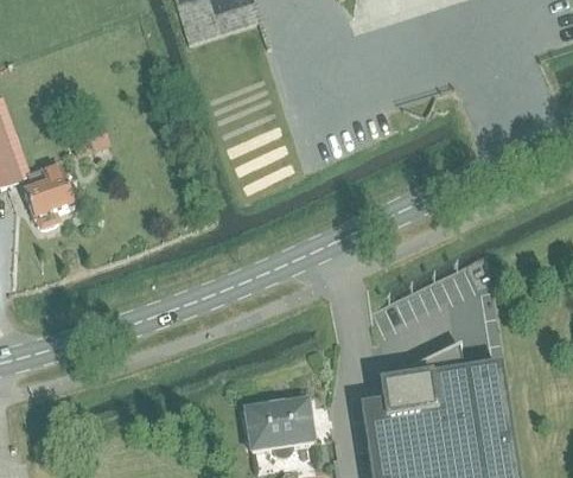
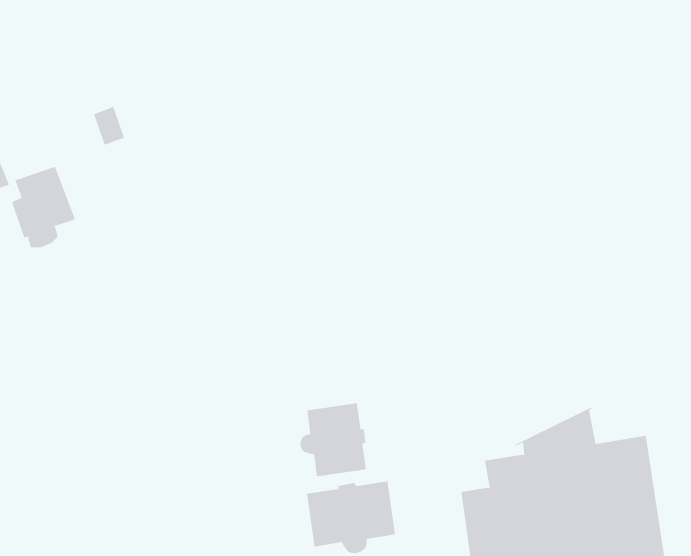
building: none -> [300,403,367,477]

